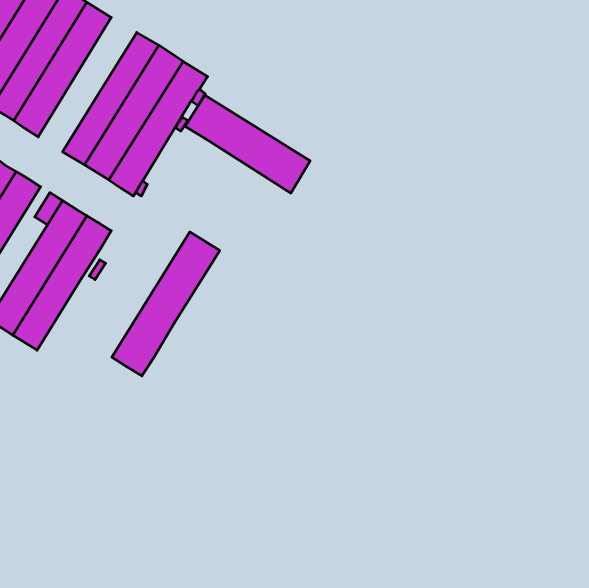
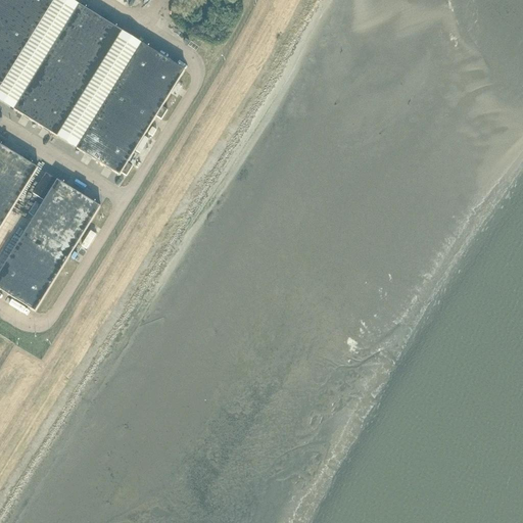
building: none -> [34,15,121,134]
building: [185,95,310,193] -> none
building: [112,232,220,376] -> none

